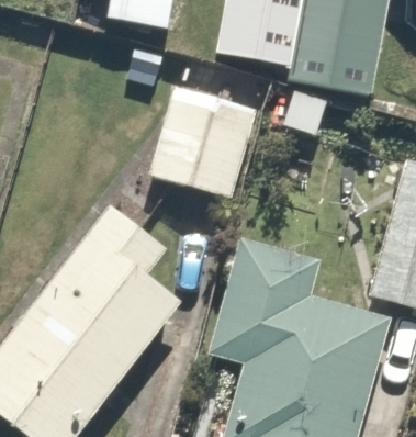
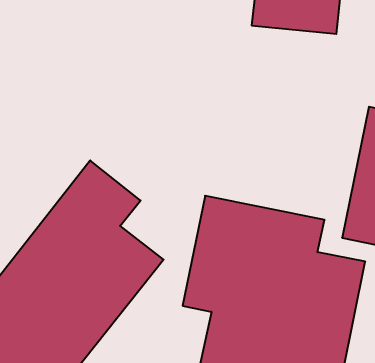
building: [146,80,258,201] -> none

